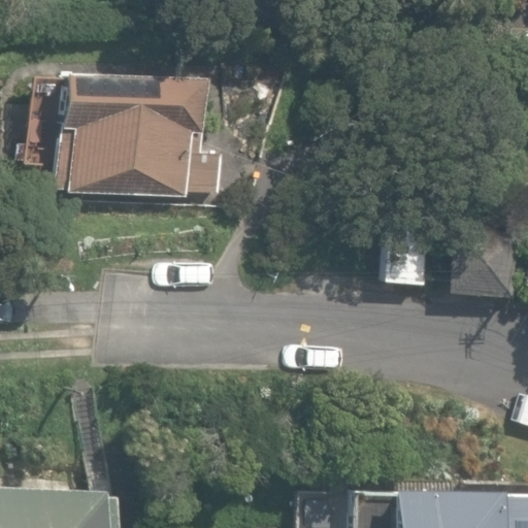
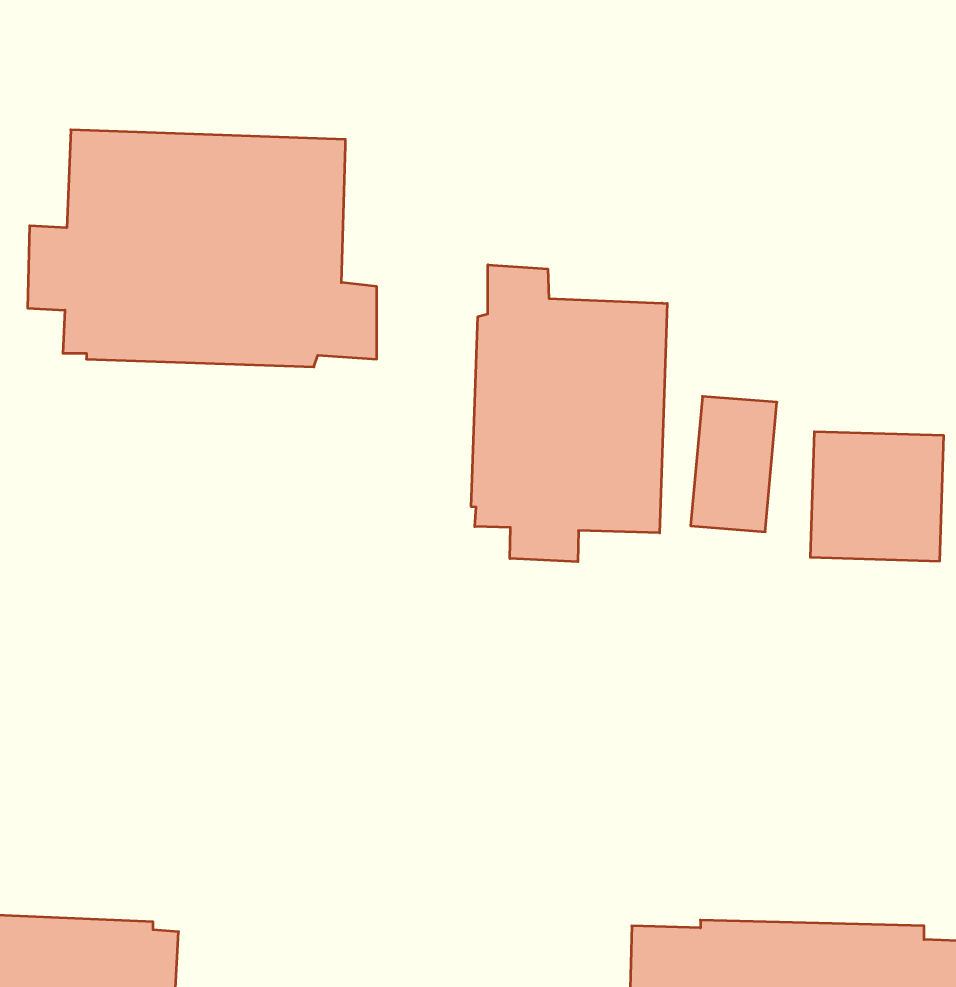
building: none -> [471,265,667,562]

